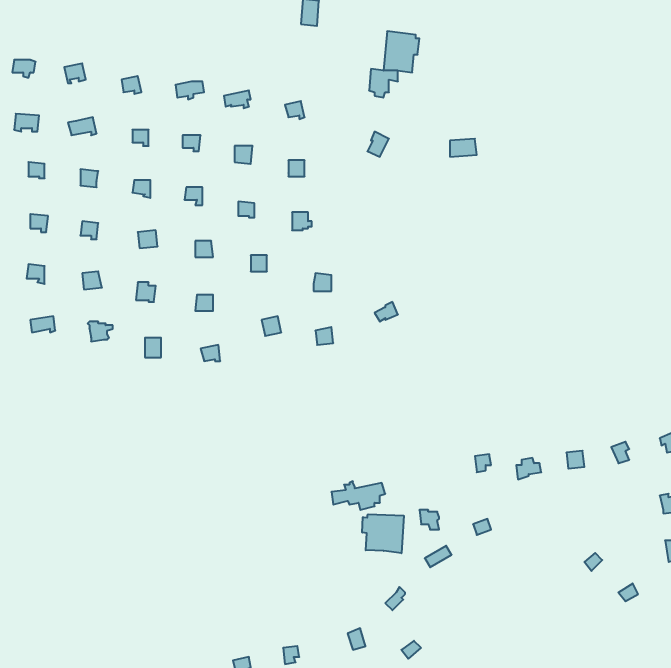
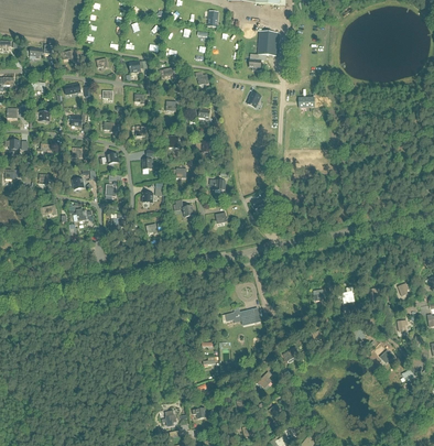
building: [362,514,404,553] -> none

